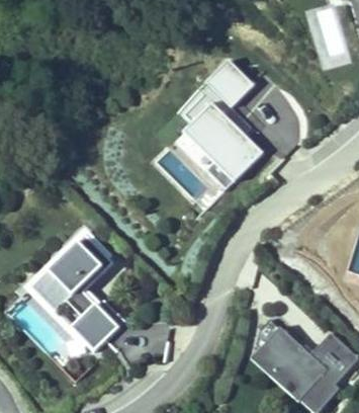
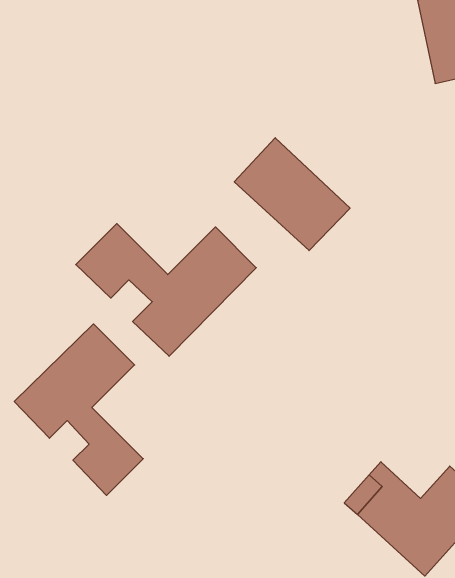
building: [202,61,252,110] -> none
building: none -> [76,224,256,356]

